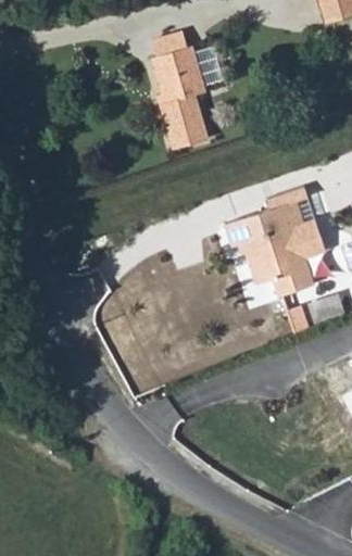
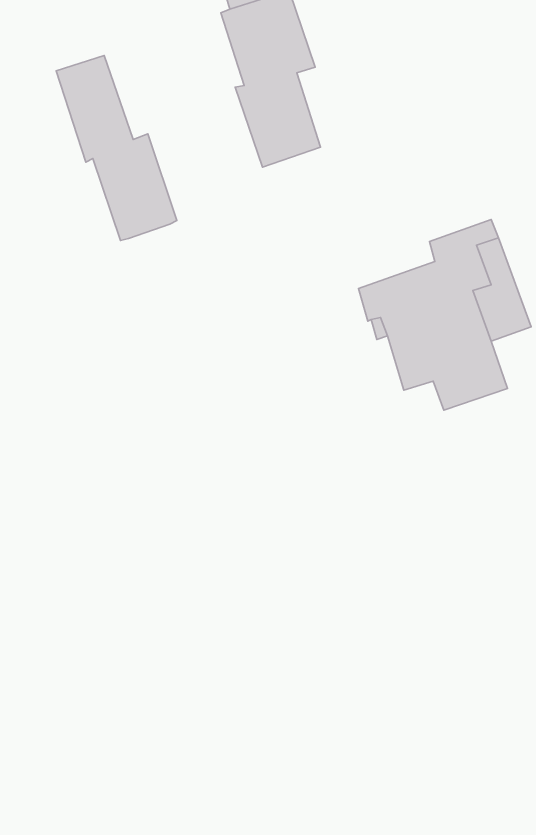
building: none -> [56,56,177,240]

